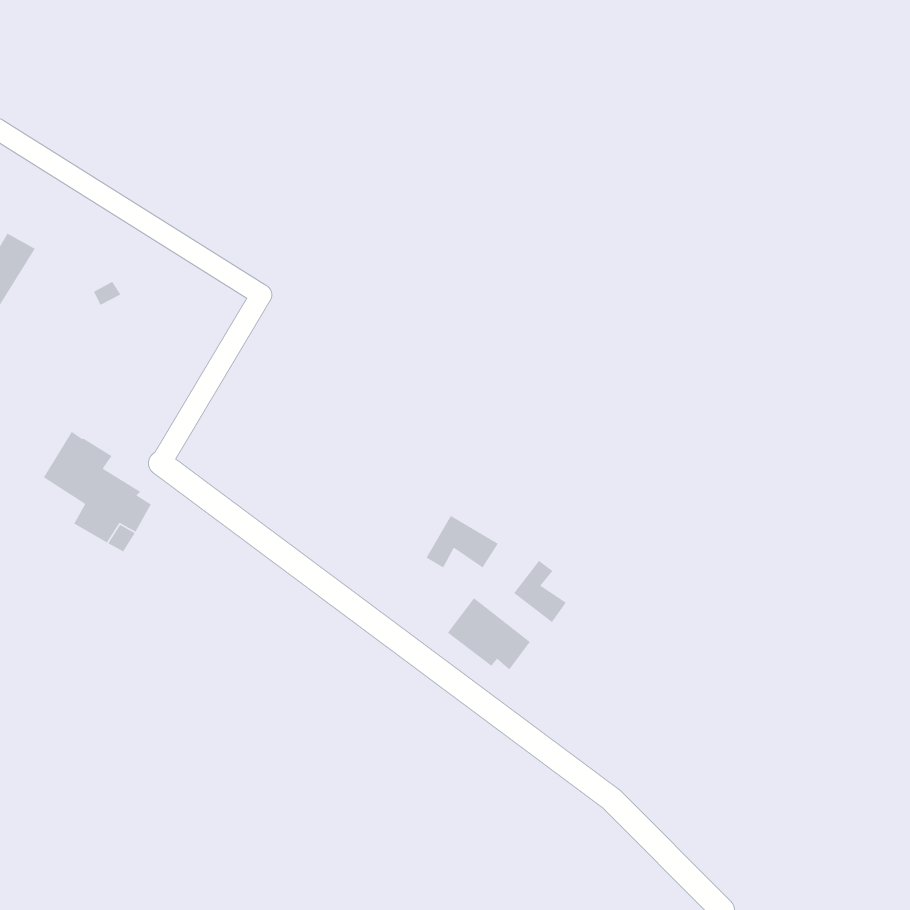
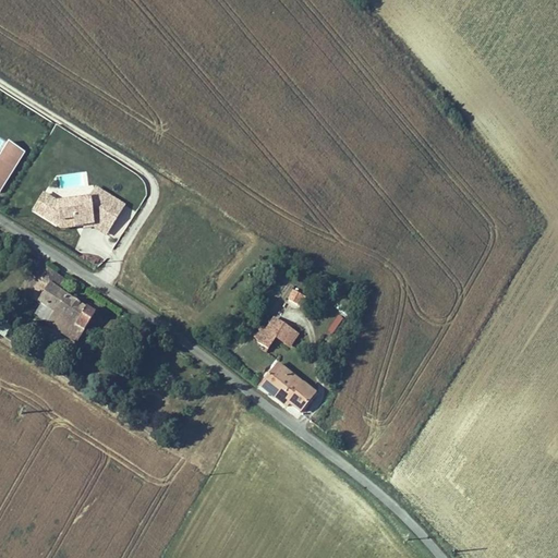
building: none -> [29,186,123,235]
building: [513,560,567,623] -> none

